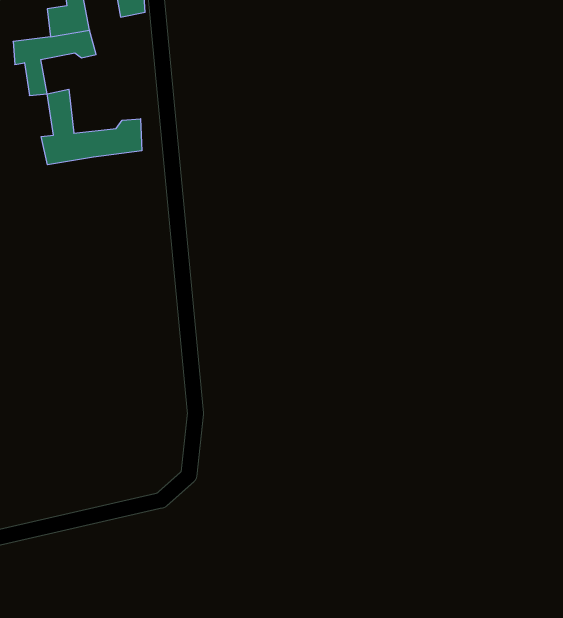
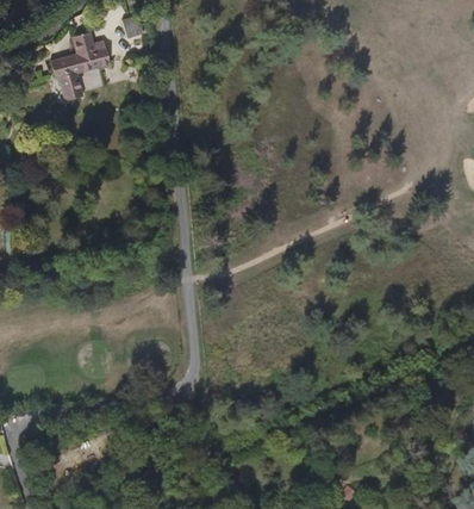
building: [41,89,142,165] -> none

